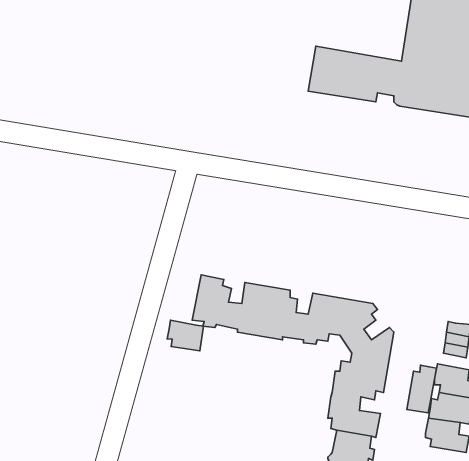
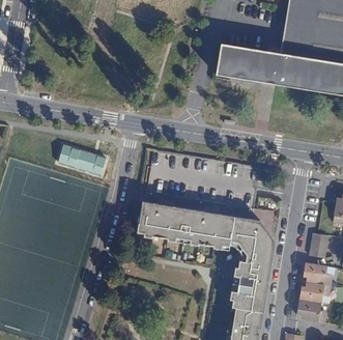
building: none -> [58,140,106,172]
building: [167,320,204,351] -> none
building: [407,365,437,413] -> none

